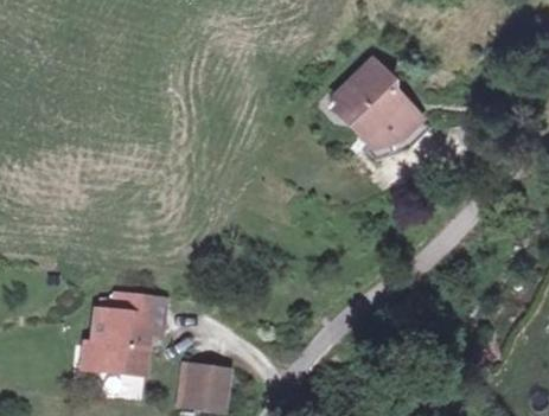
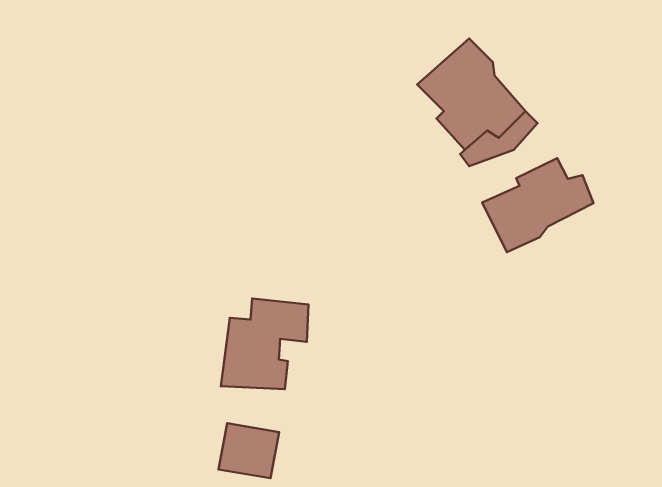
building: none -> [482,158,594,252]
building: [91,295,161,367] -> [221,299,308,389]

